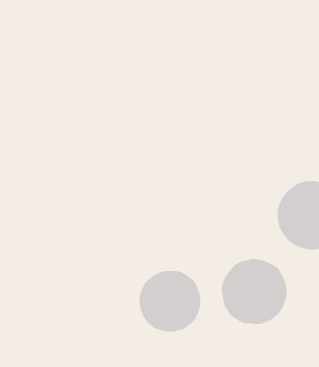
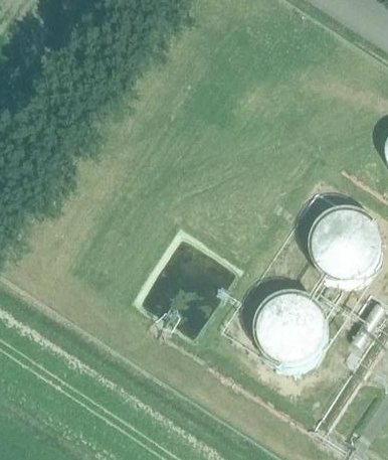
building: [138,270,201,333] -> none

